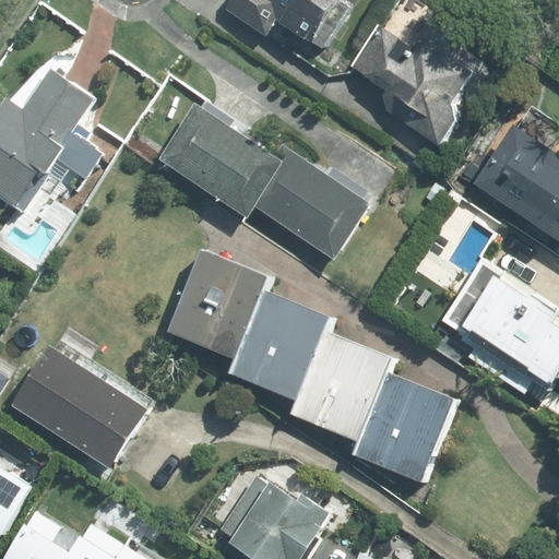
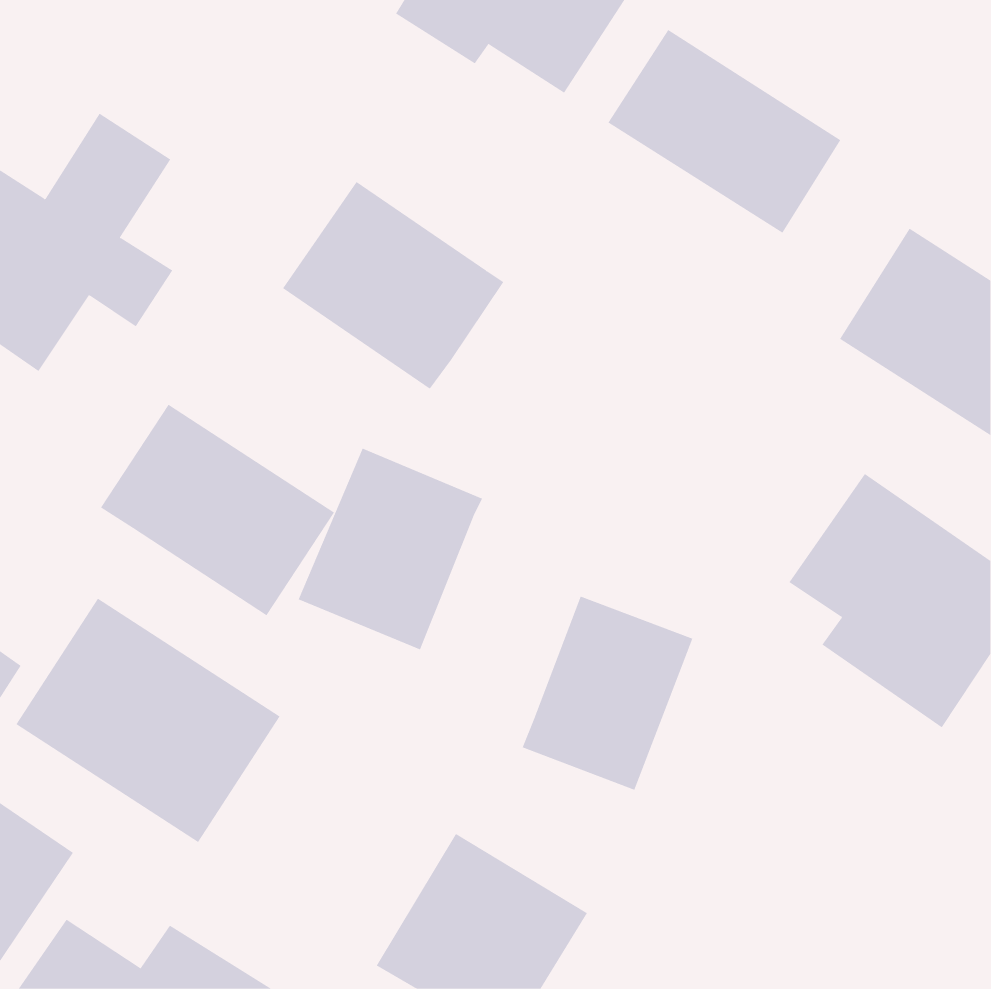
building: [253,140,371,258] -> none
building: none -> [100,404,335,616]
building: [231,288,333,403] -> none
building: [350,372,457,488] -> none

